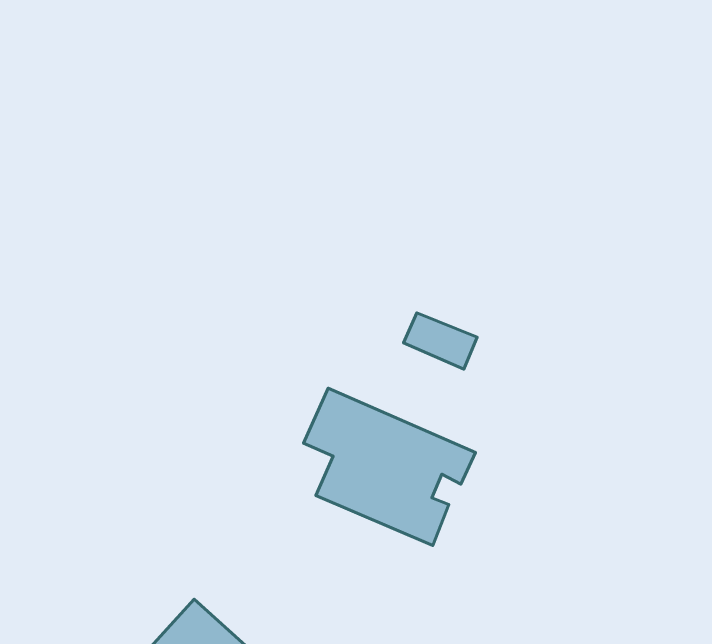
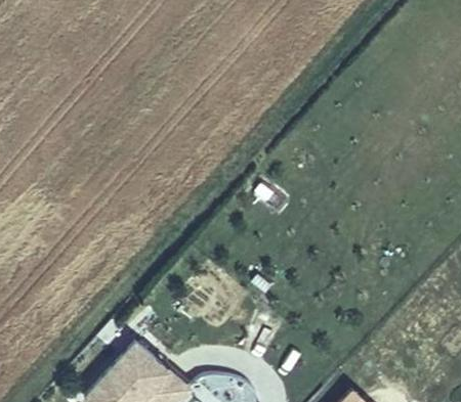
building: [304,388,475,545] -> none

